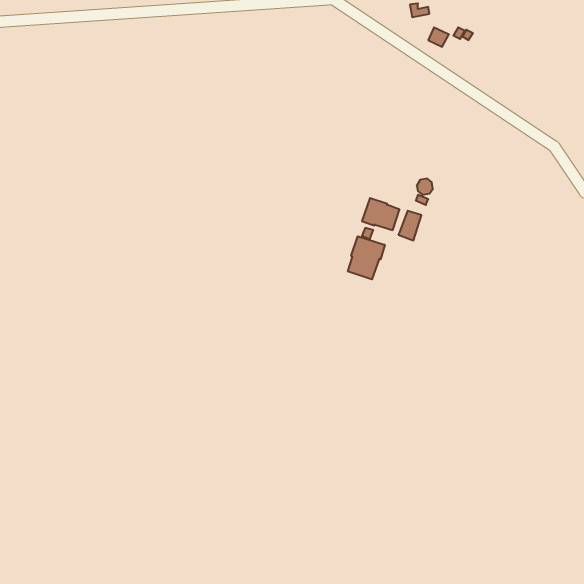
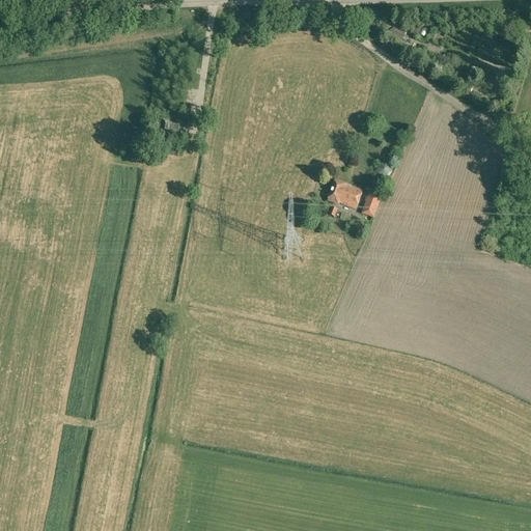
building: [348,236,385,279] -> none

